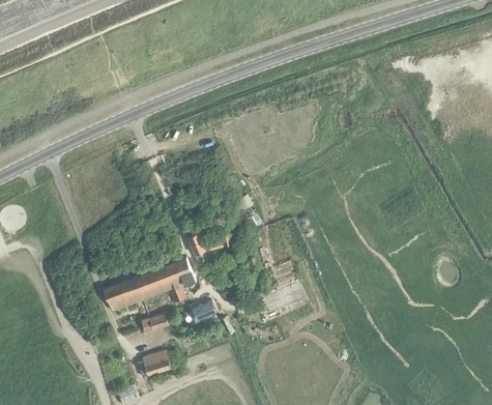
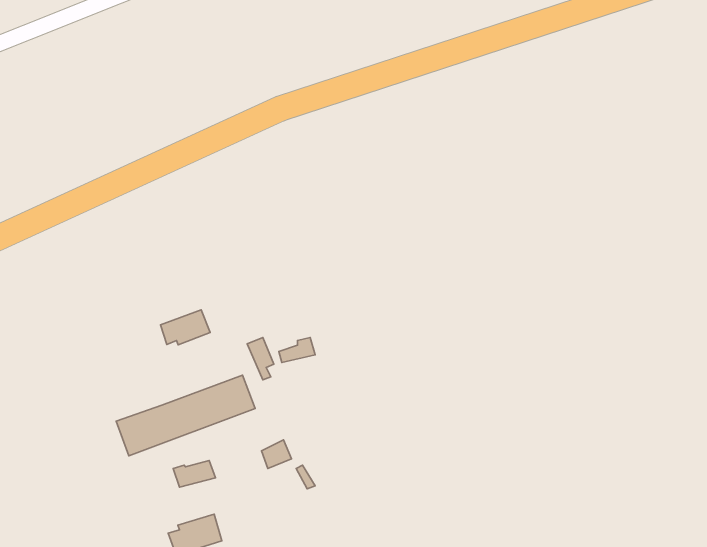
building: none -> [161,310,210,345]

